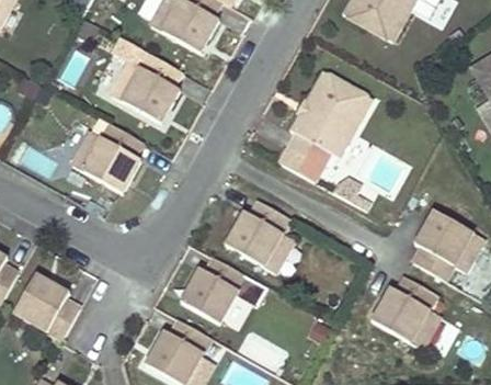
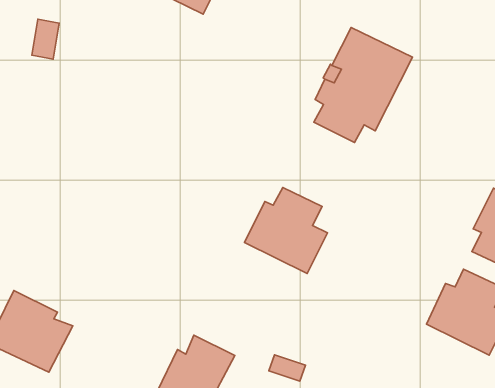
building: [112,54,183,124] -> none
building: [72,123,144,193] -> none
building: [182,258,248,324] -> none

